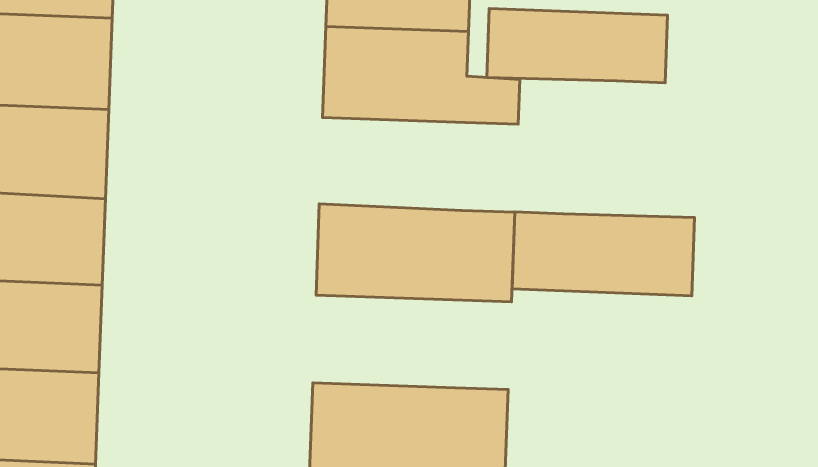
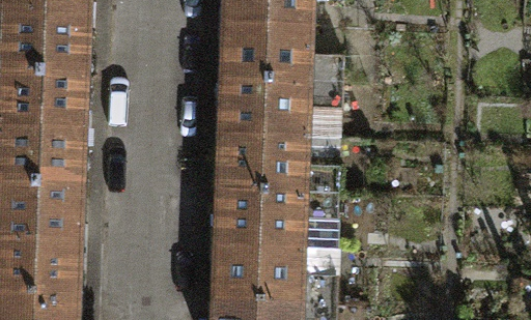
building: [487,9,667,83] -> none
building: none -> [216,81,340,139]
building: [512,212,695,296] -> none
building: none -> [212,192,336,250]

